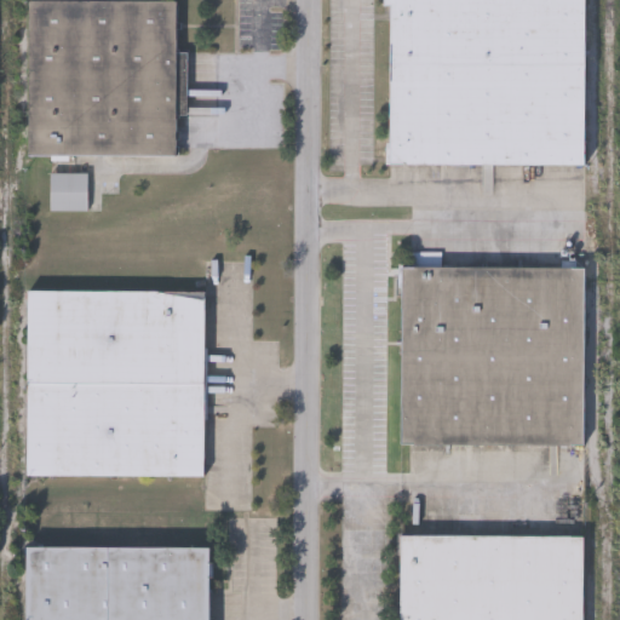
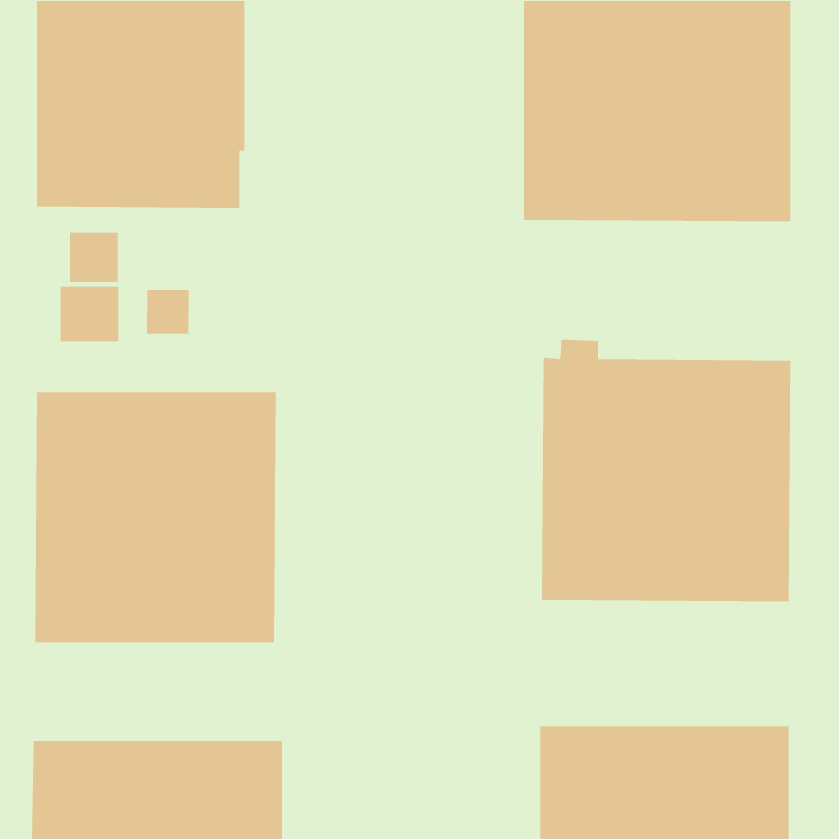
building: none -> [60,286,119,342]
building: none -> [146,289,189,335]

